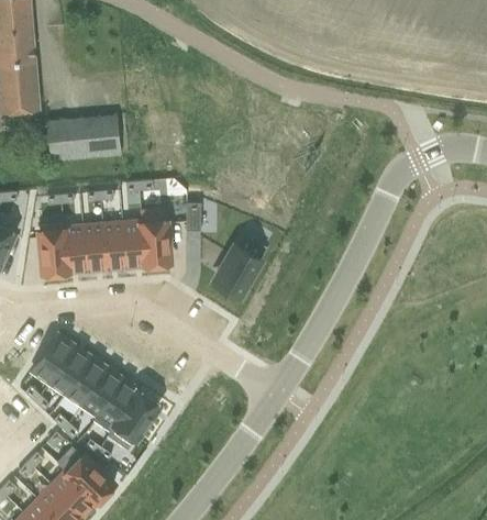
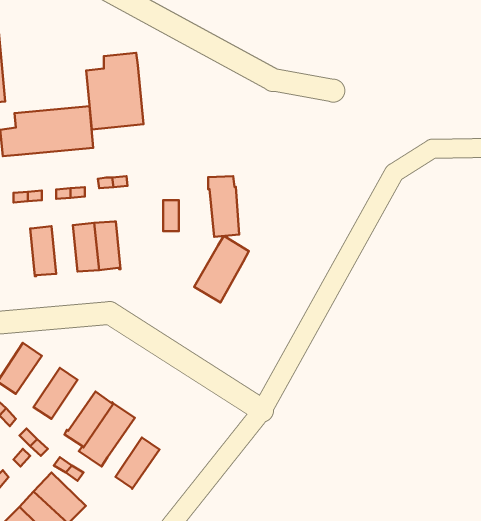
building: none -> [86,53,143,129]
building: [141,211,169,267] -> [208,176,239,237]
building: [40,224,67,276] -> none
building: [82,226,107,272] -> none
building: [49,347,90,395] -> none
building: [82,369,123,417] -> [116,438,160,489]

